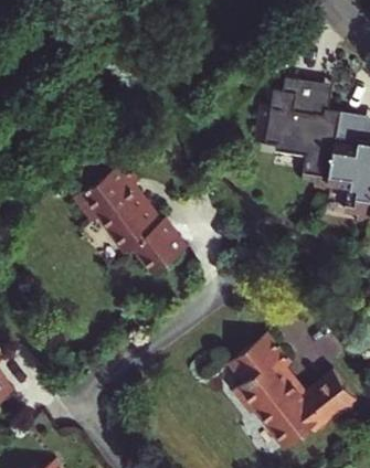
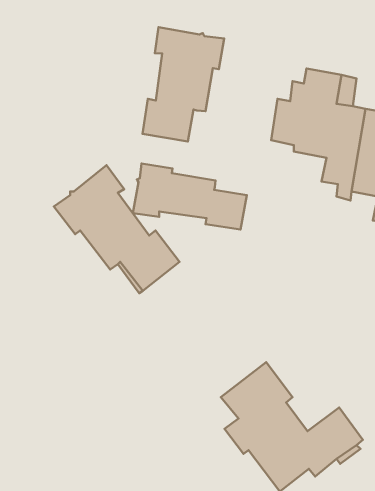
building: none -> [143,27,224,142]
building: none -> [133,163,247,230]

